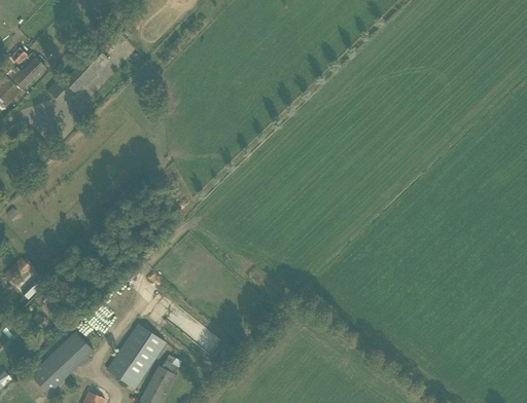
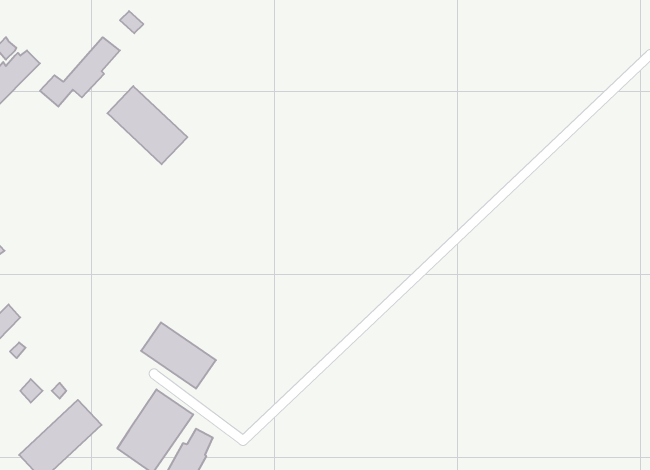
building: none -> [107,86,187,164]
building: none -> [141,322,216,389]

